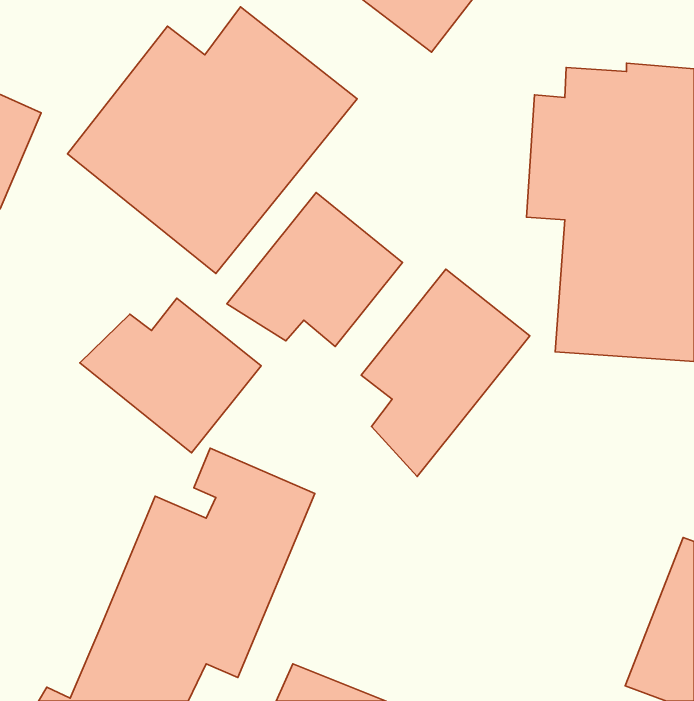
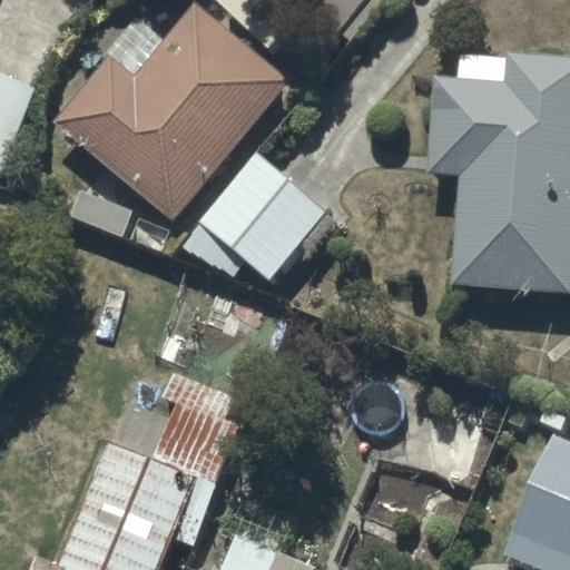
building: [361,269,530,476] -> none
building: [80,298,261,453] -> none

